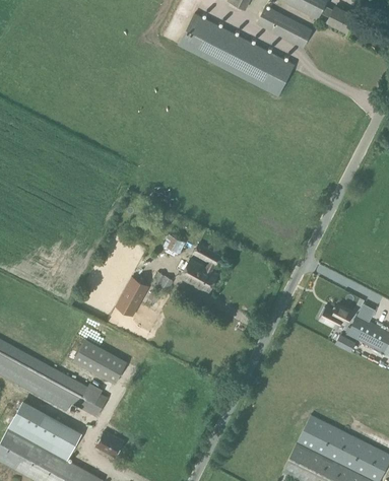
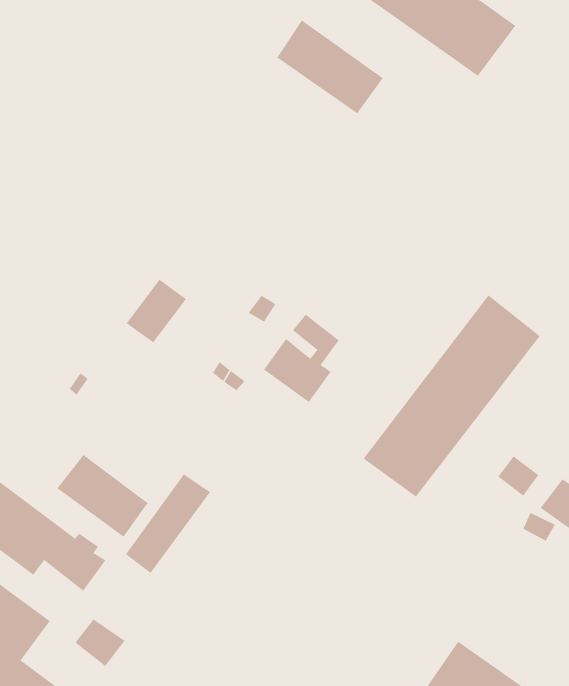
building: none -> [276,20,384,114]
building: none -> [363,294,541,497]
building: [117,278,149,315] -> [126,279,187,343]
building: none -> [125,474,211,574]

